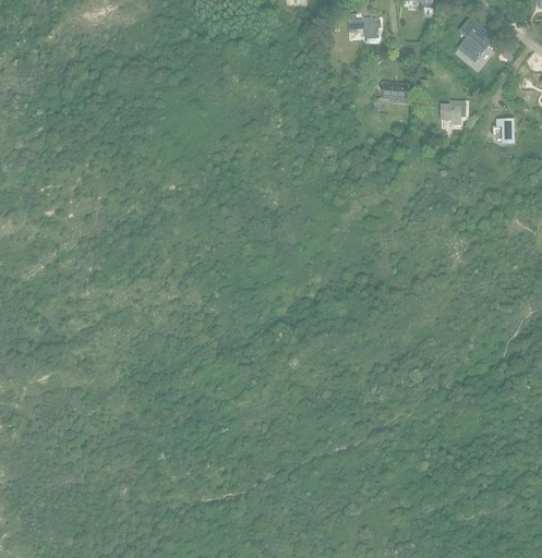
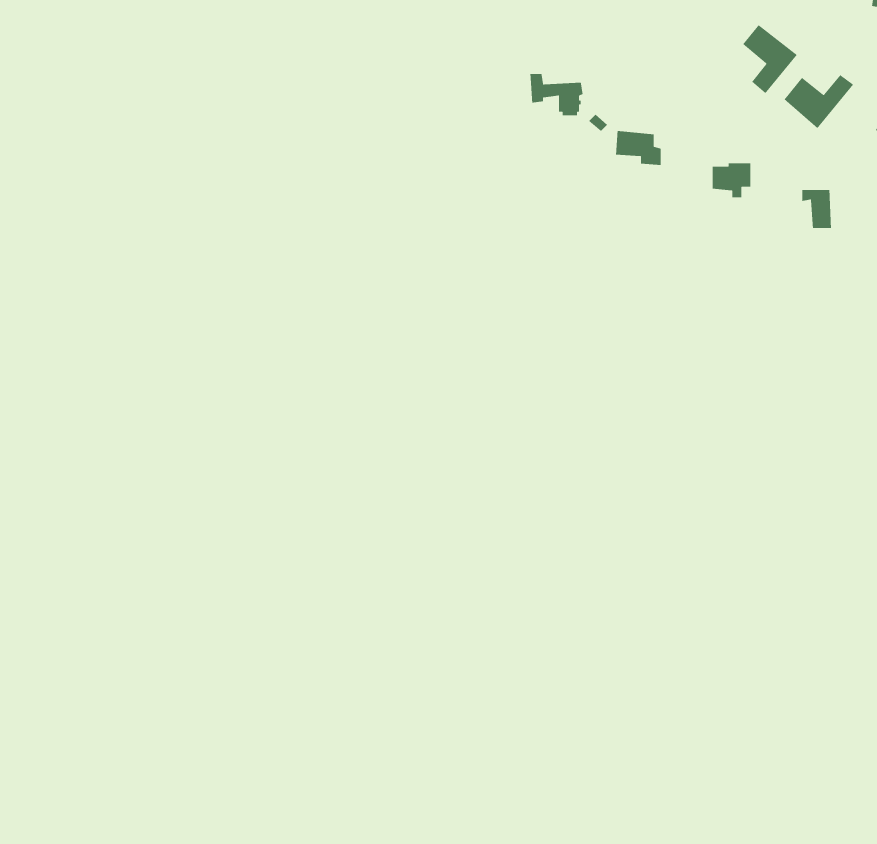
building: [347,13,380,39] -> [530,73,583,116]
building: none -> [783,74,854,129]

